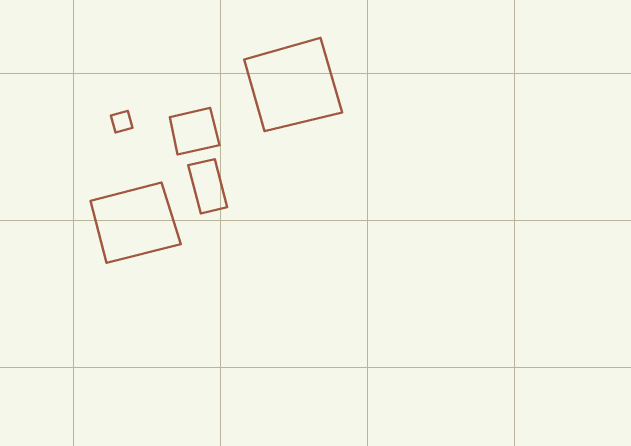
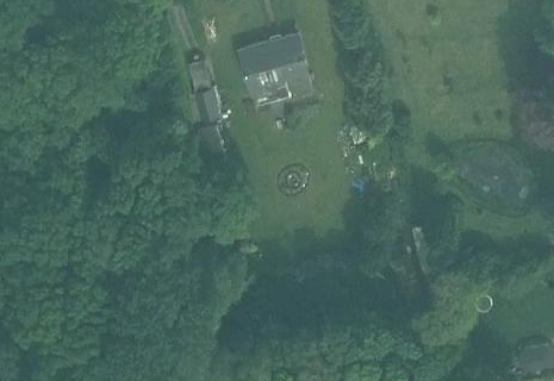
building: [91,182,181,263] -> none

